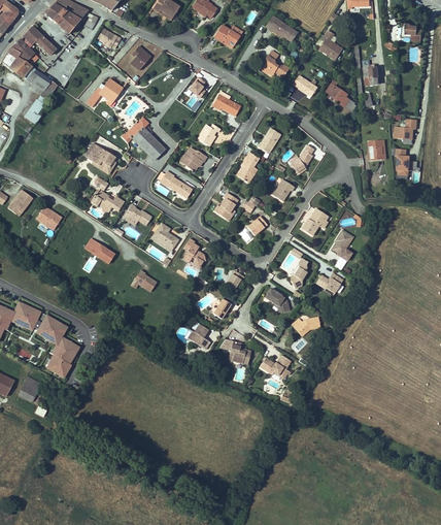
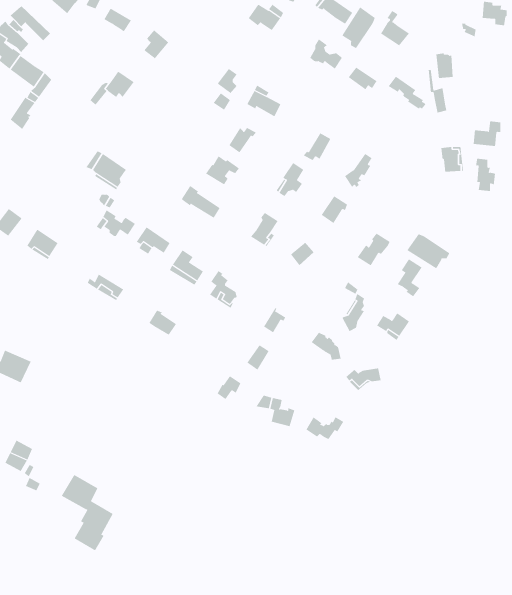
building: none -> [341,7,376,49]
building: [122,117,165,159] -> none
building: none -> [407,233,450,269]
building: [36,315,78,376] -> [61,474,114,551]

